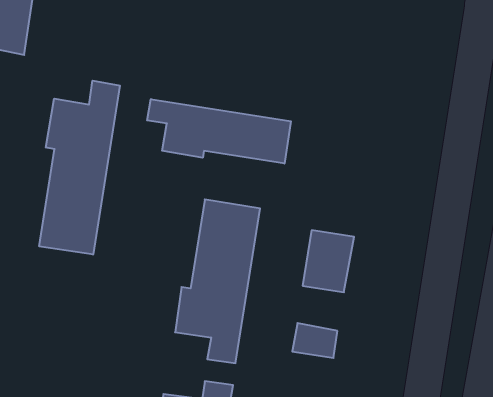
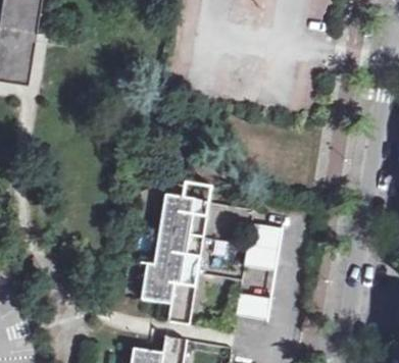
building: [39,81,120,255] -> none
building: [147,99,291,164] -> none

